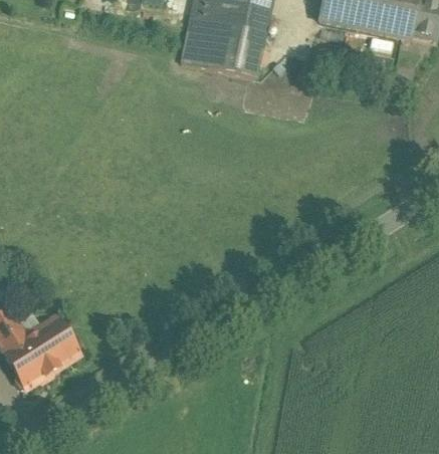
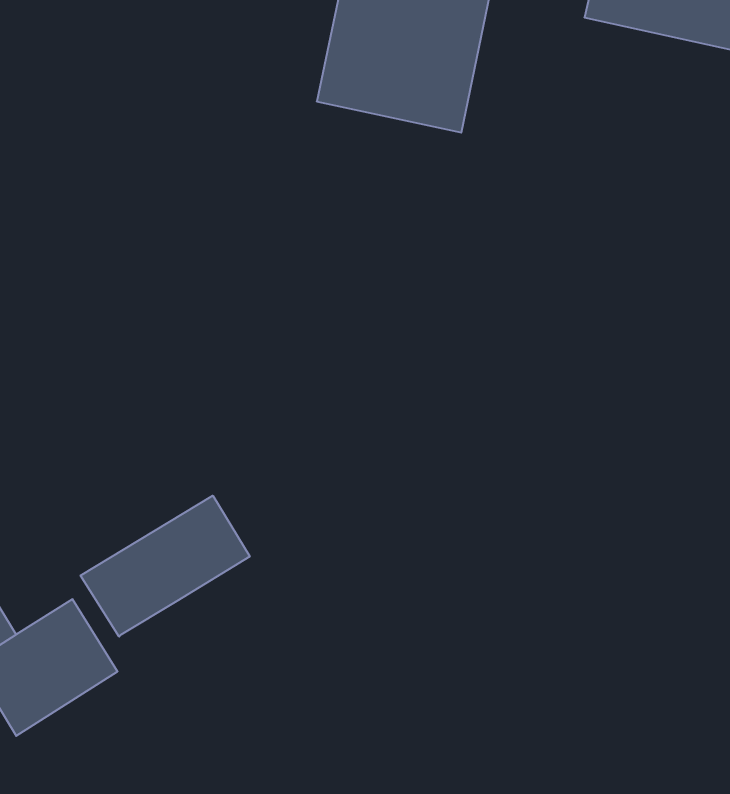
building: none -> [81,496,250,637]

